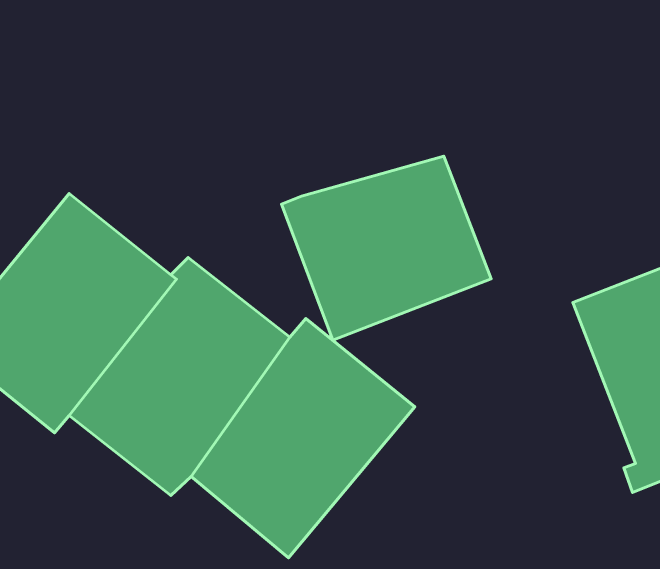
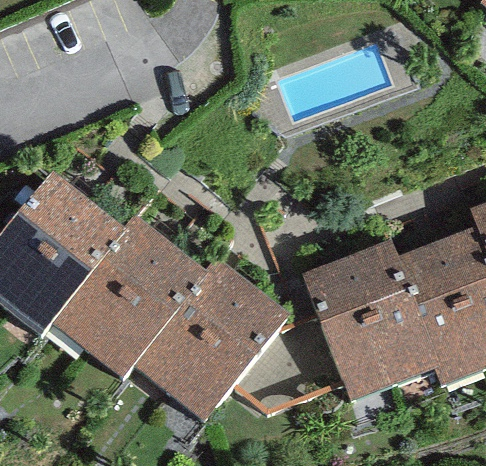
building: [282,156,491,340] -> none
building: none -> [304,232,444,396]

